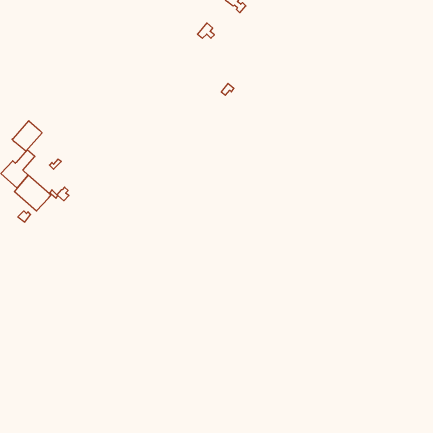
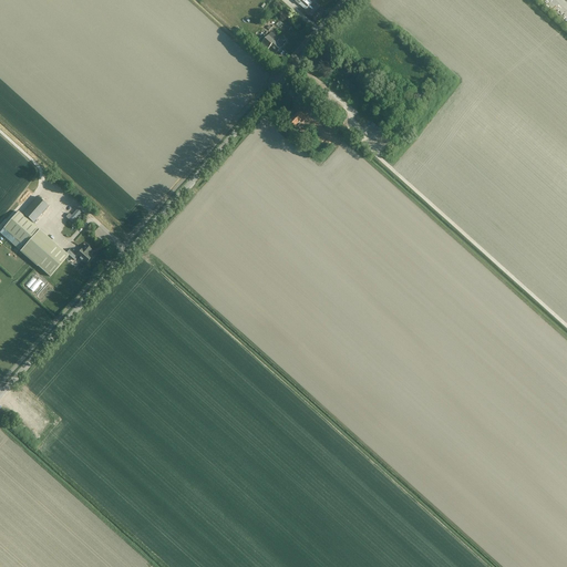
building: [12,121,42,151] -> none

